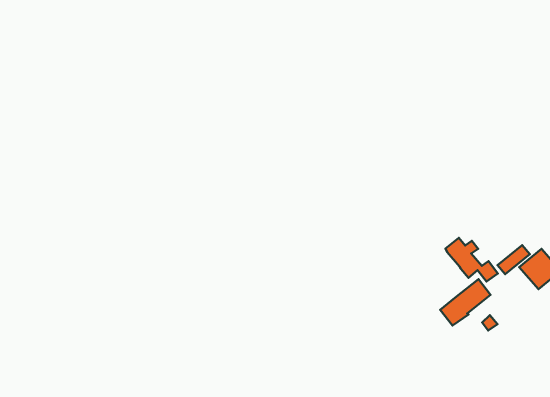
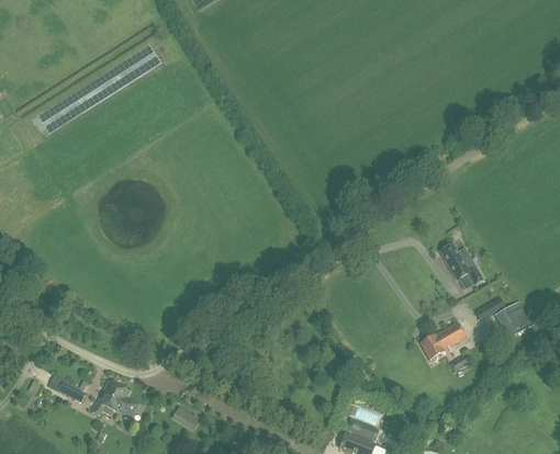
building: [446,238,498,281] -> [440,243,483,285]

